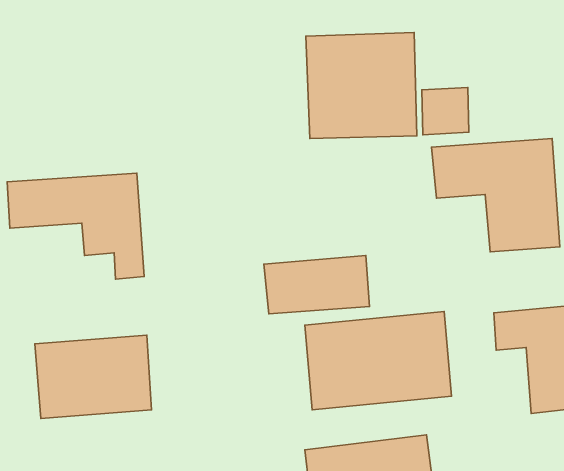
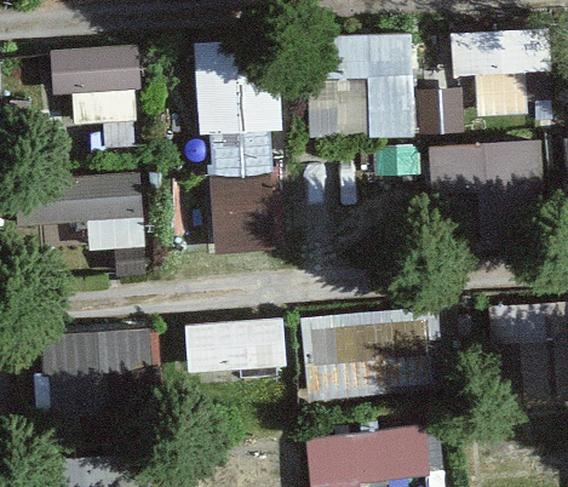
building: none -> [451,28,550,115]
building: none -> [191,36,285,251]
building: none -> [51,45,139,147]
building: [264,255,370,314] -> [183,316,286,373]

